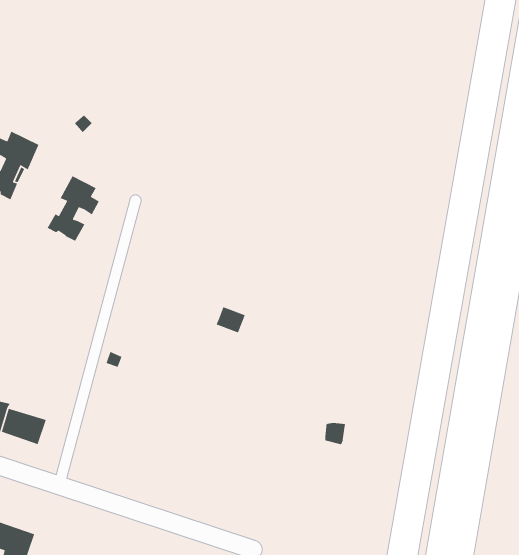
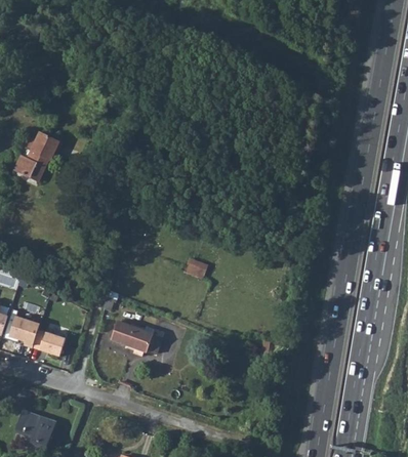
building: [46,175,100,242] -> none
building: none -> [112,321,162,356]

